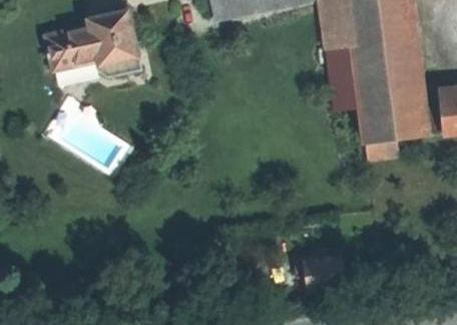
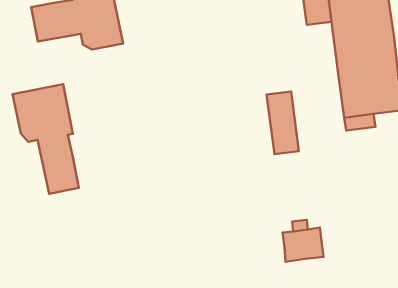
building: [327,46,360,110] -> [267,92,299,154]
building: none -> [13,84,79,194]

